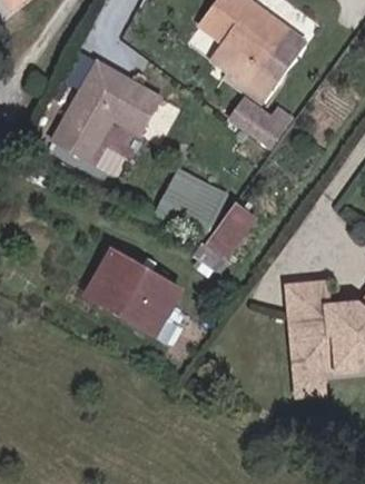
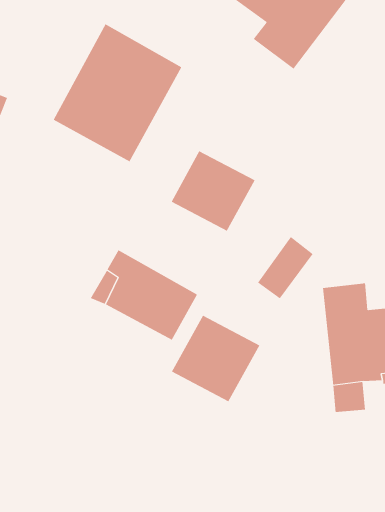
building: [227,96,293,149] -> none
building: [206,205,255,259] -> [257,236,314,299]
building: none -> [171,315,260,402]

